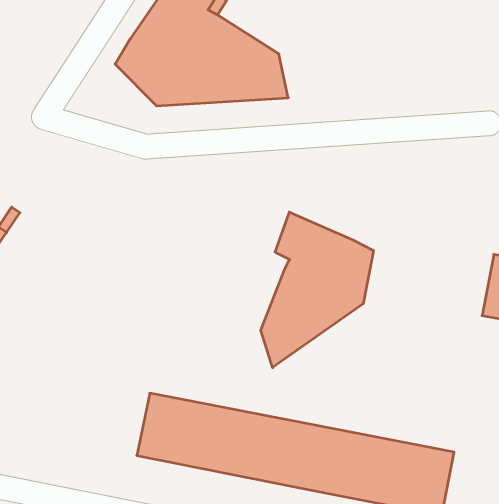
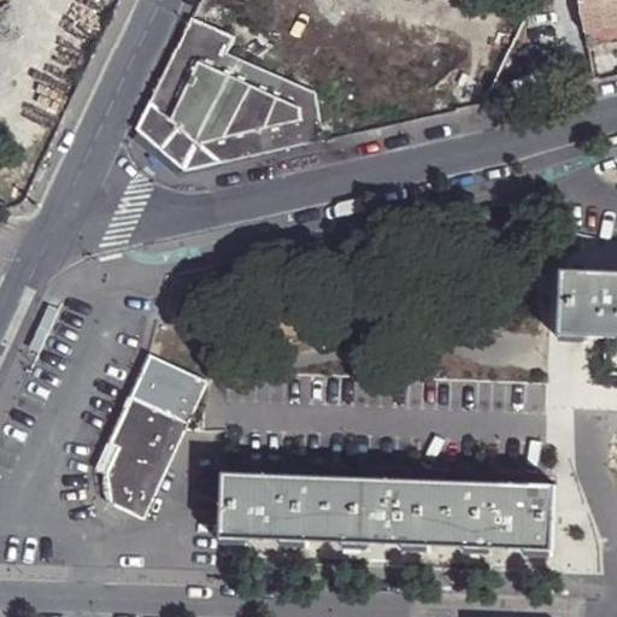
building: [261,212,373,368] -> none
building: none -> [93,353,208,517]

